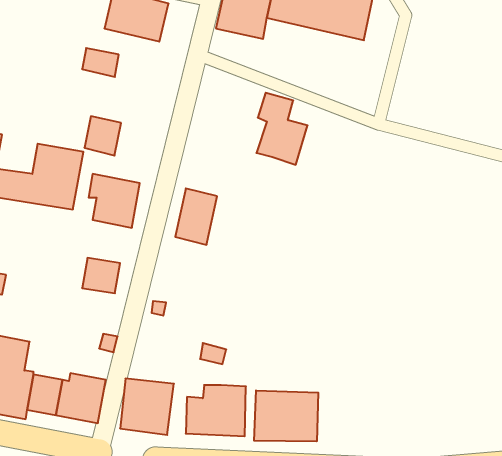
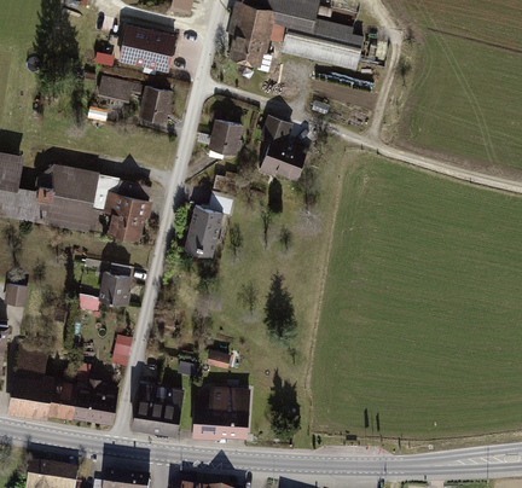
building: none -> [208,120,243,156]
building: [84,116,121,156] -> [138,87,172,123]
building: [254,390,318,441] -> none

